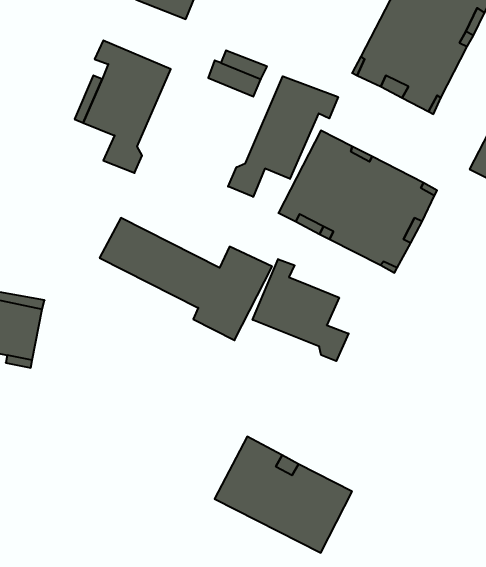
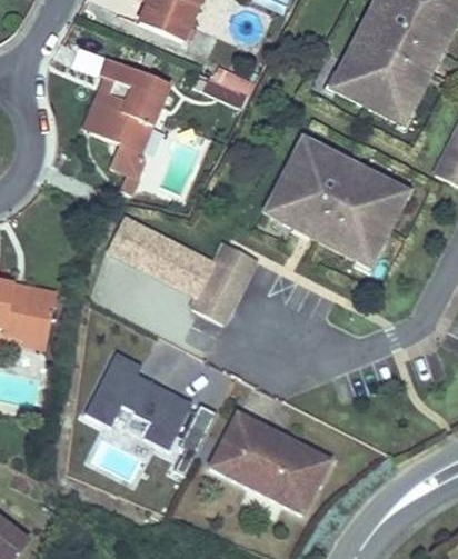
building: [228,76,338,197] -> none
building: [253,259,349,361] -> none
building: none -> [84,352,216,475]

